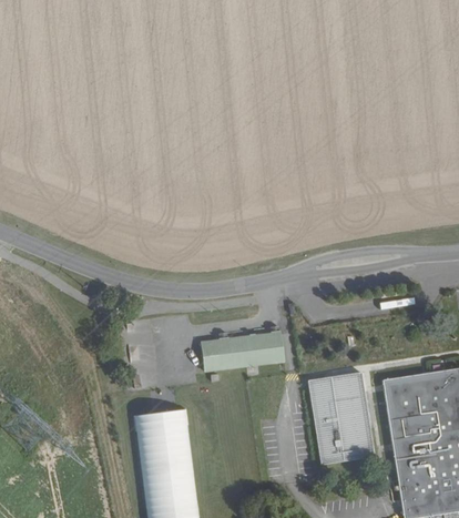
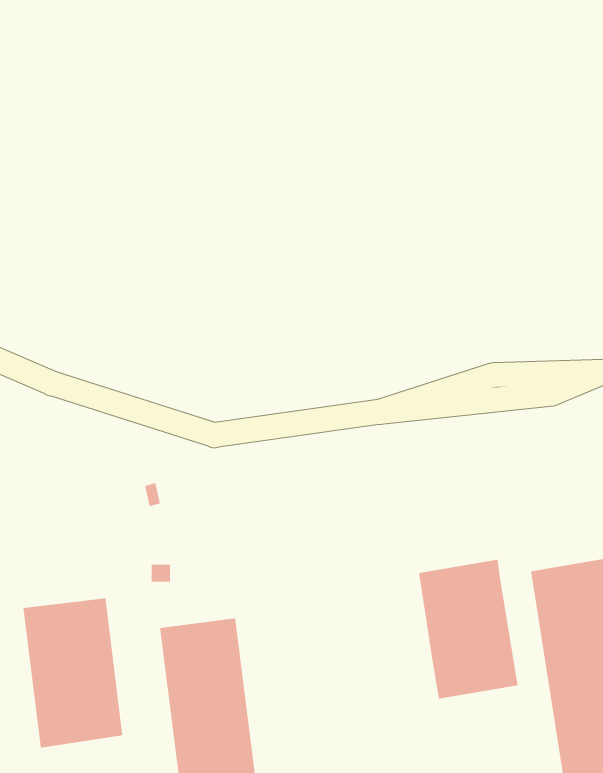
building: [198,328,283,370] -> none
building: none -> [23,598,123,749]

